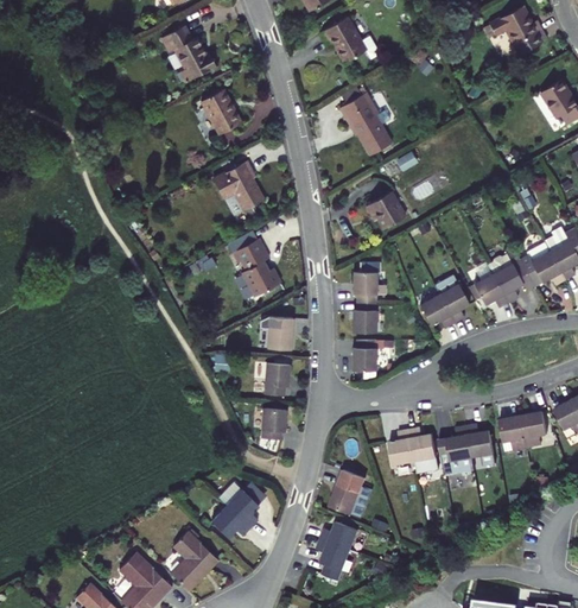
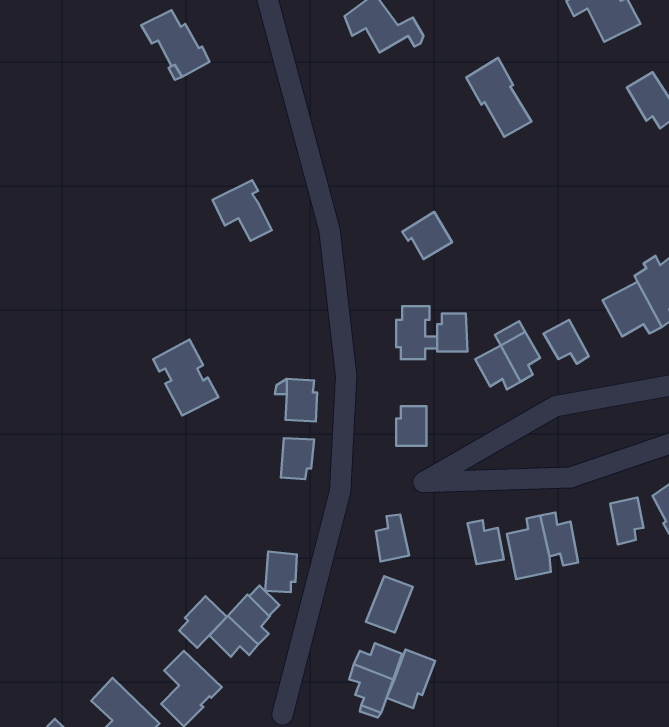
building: [201,88,242,135] -> none
building: [336,93,387,154] -> [466,58,531,137]
building: [229,236,280,296] -> [153,340,218,415]
building: [491,256,533,300] -> none
building: [356,303,380,332] -> [437,314,467,352]
building: [262,410,287,442] -> [265,551,297,592]
building: [502,416,529,451] -> none
building: [393,431,419,468] -> [376,514,409,562]
building: none -> [179,596,227,648]
building: none -> [386,650,435,708]

